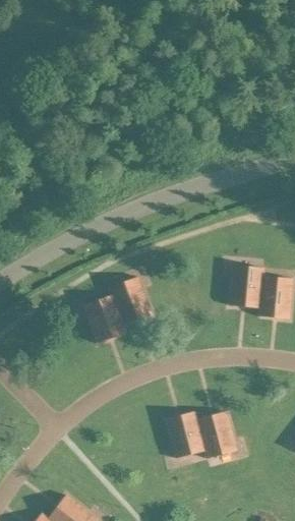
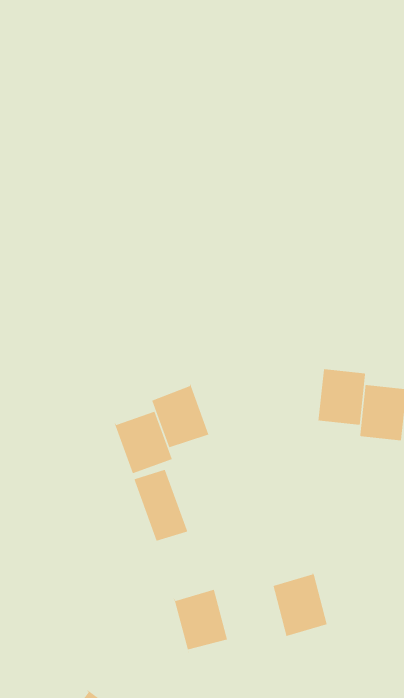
building: none -> [133,466,188,558]
building: [166,411,208,458] -> [173,587,231,653]

